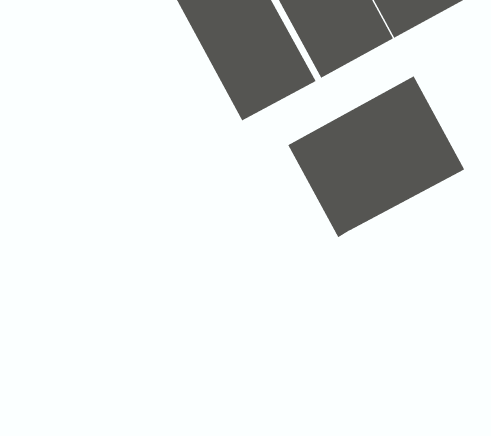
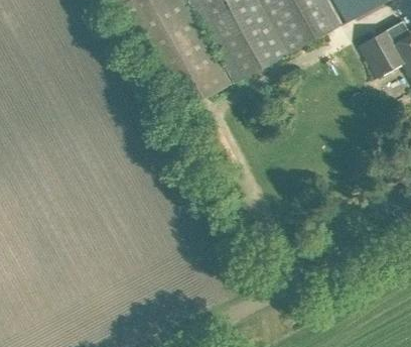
building: [287,75,465,238] -> none

